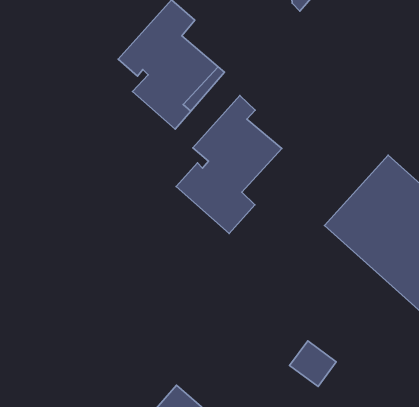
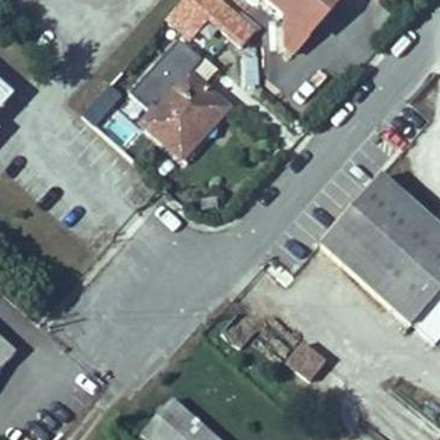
building: [176,96,282,234] -> none

